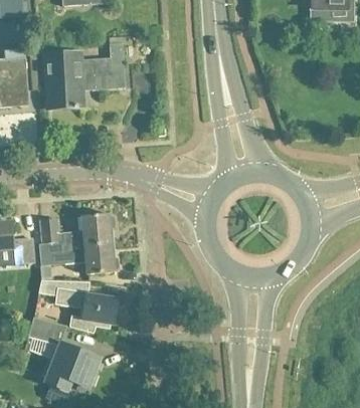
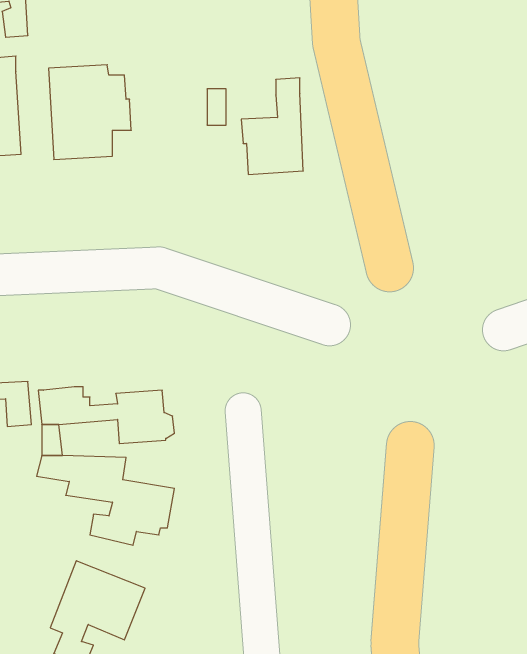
building: [88,34,125,90] -> [241,78,303,174]
building: [39,212,115,251] -> none
building: [29,317,59,342] -> none

